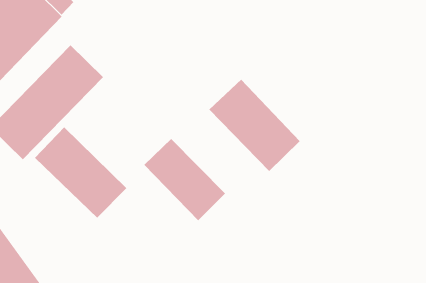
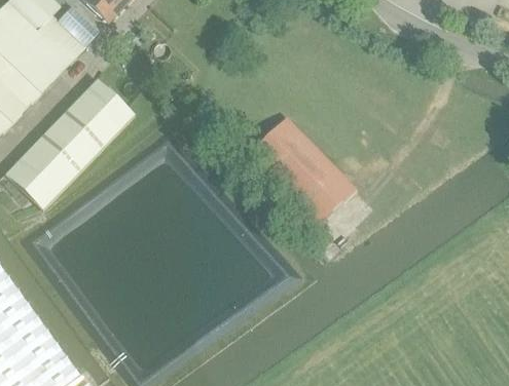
building: [34,126,127,219] -> none
building: [144,138,226,221] -> none

